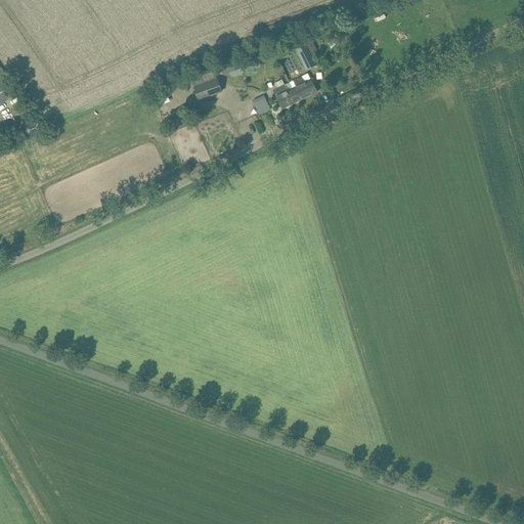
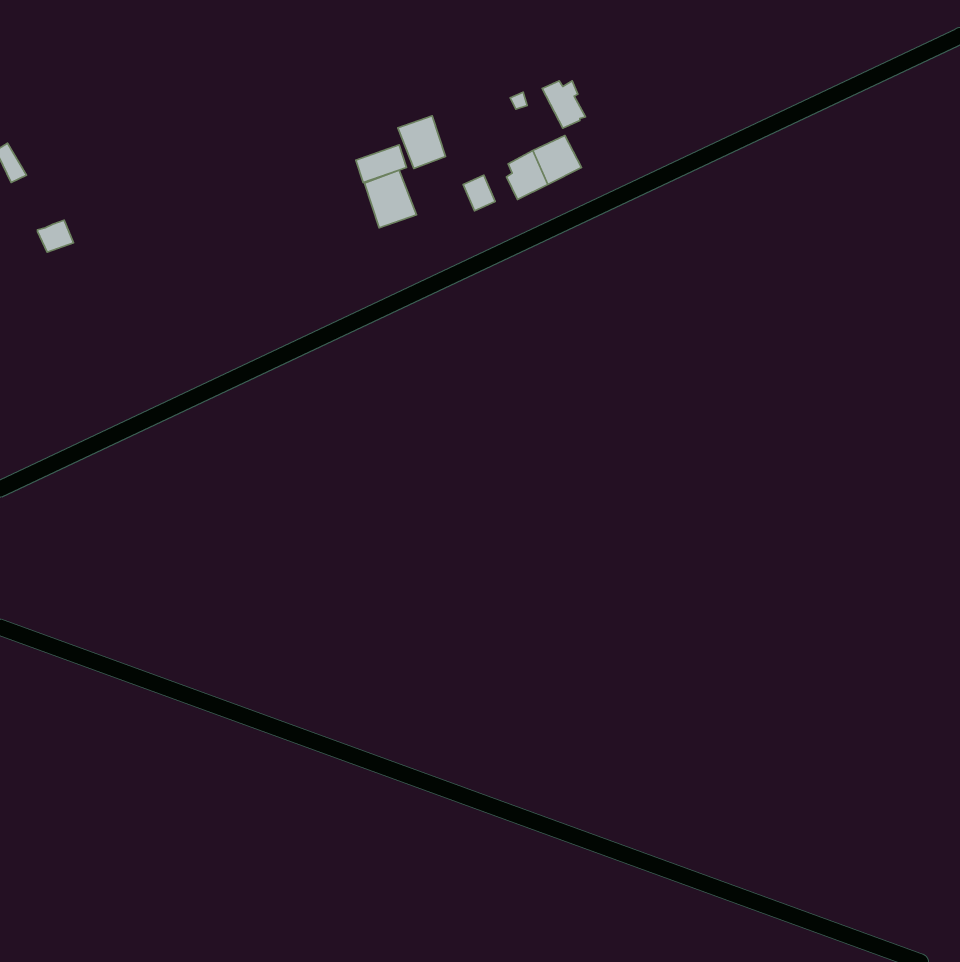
building: none -> [398,116,445,169]
building: none -> [365,170,417,228]

